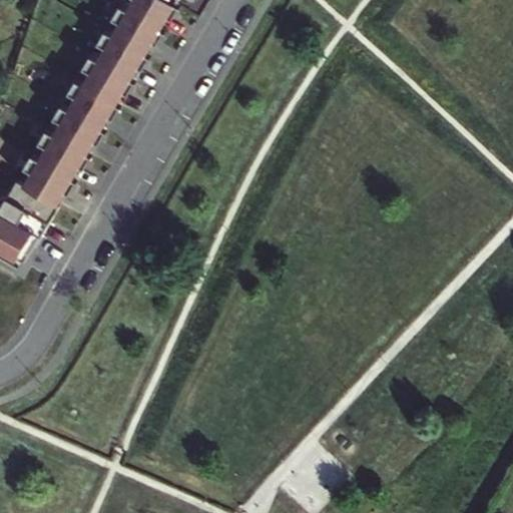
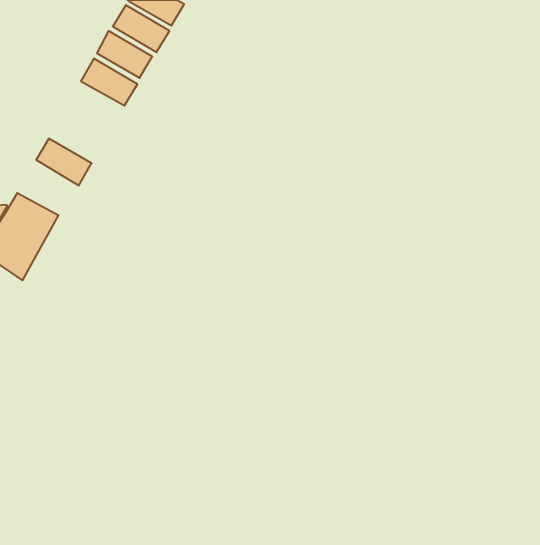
building: [62,80,114,124] -> none
building: [48,105,100,149] -> none
building: [19,155,72,199] -> none

